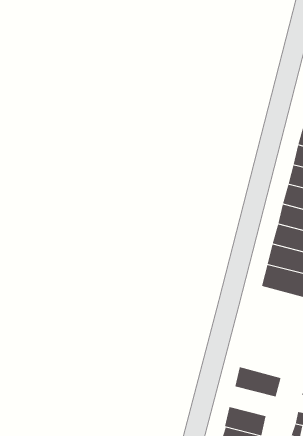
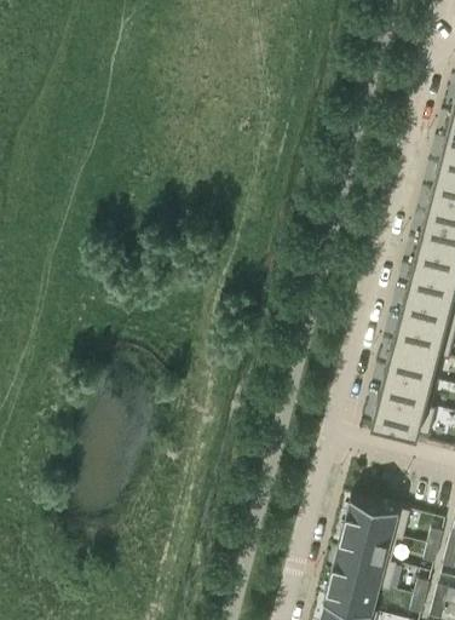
building: none -> [345,496,411,541]
building: none -> [332,550,398,592]

